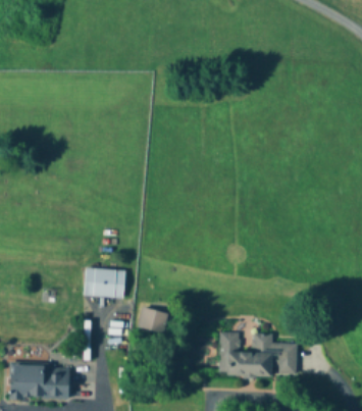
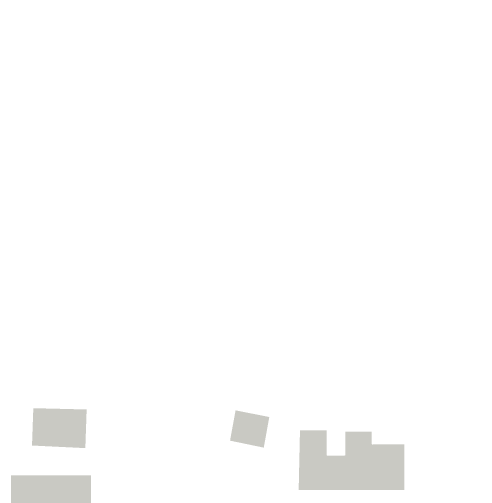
building: [85,268,125,298] -> [31,408,87,449]
building: [139,307,168,335] -> [229,410,270,448]

